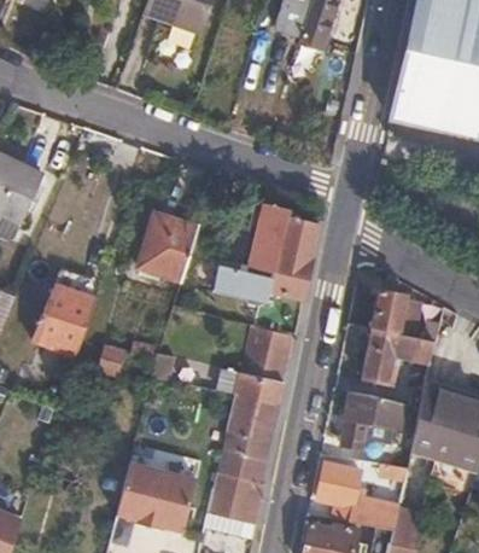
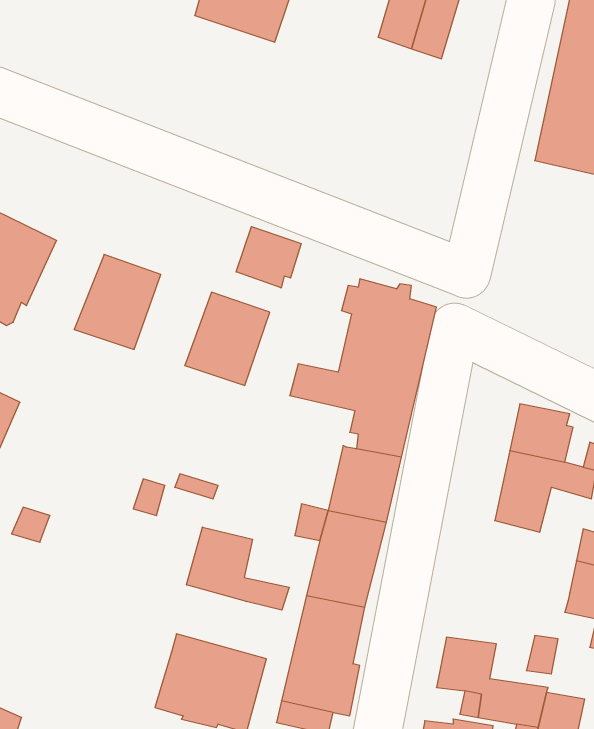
building: none -> [236,227,301,288]
building: [33,284,95,353] -> [74,254,161,349]
building: none -> [186,527,289,610]
building: [340,391,421,444] -> none

